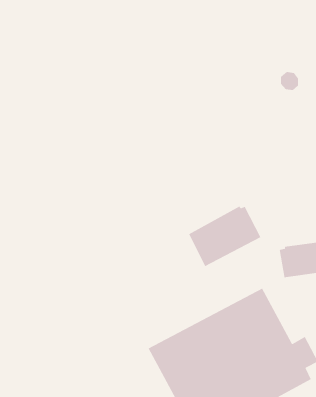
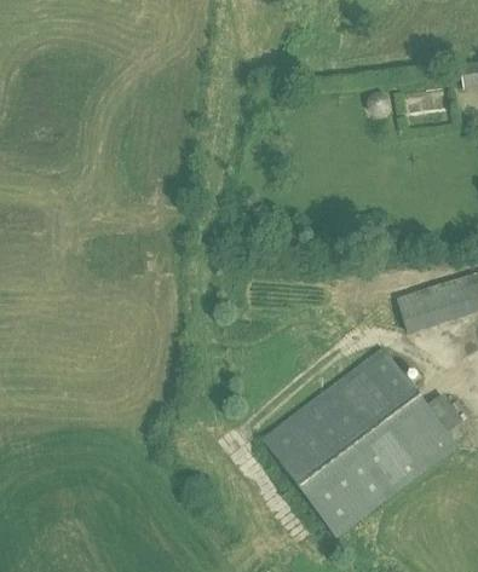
building: [188,205,261,267] -> none

